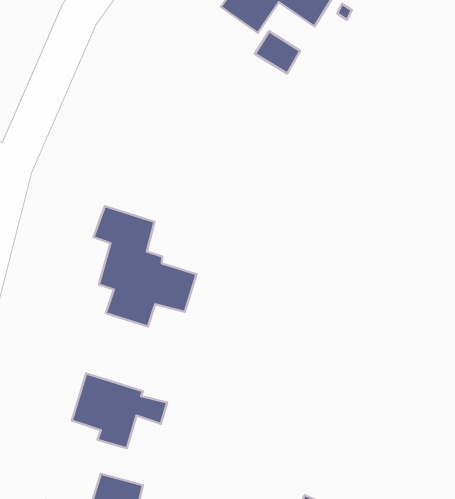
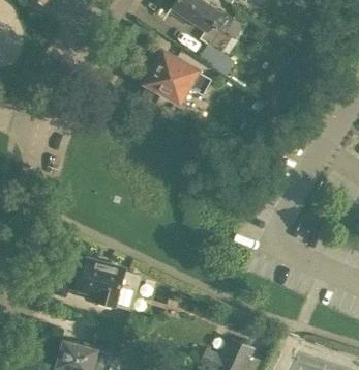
building: none -> [142,50,212,102]
building: [94,206,196,327] -> none

